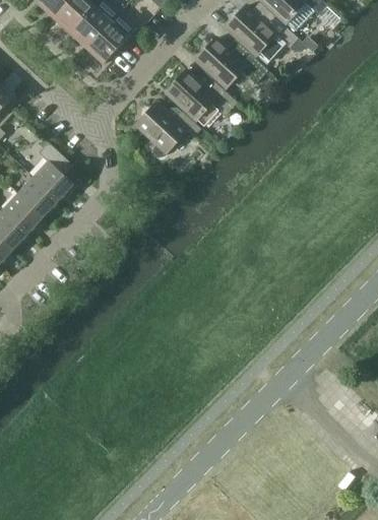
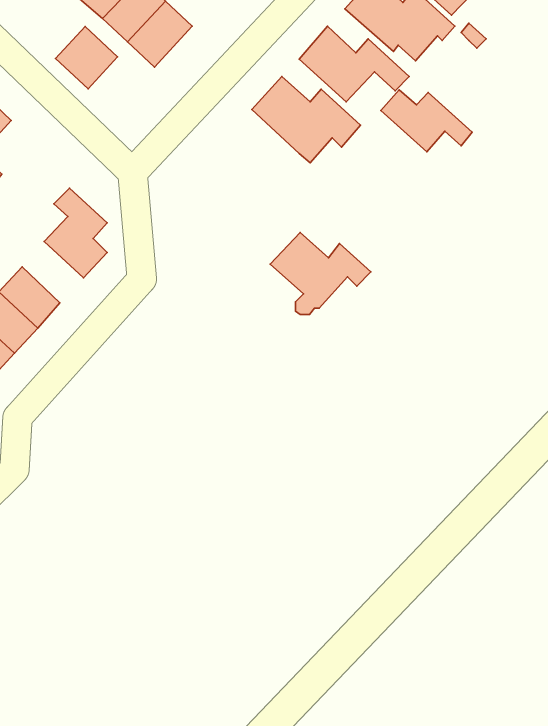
building: none -> [56,26,118,89]
building: none -> [381,90,472,152]
building: [135,104,200,156] -> [270,233,371,314]
building: [17,177,57,216] -> none

